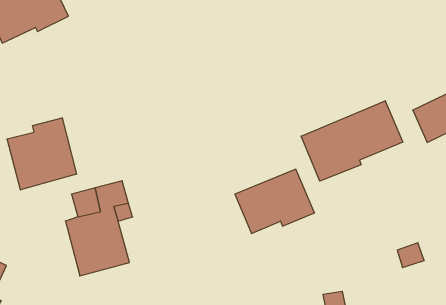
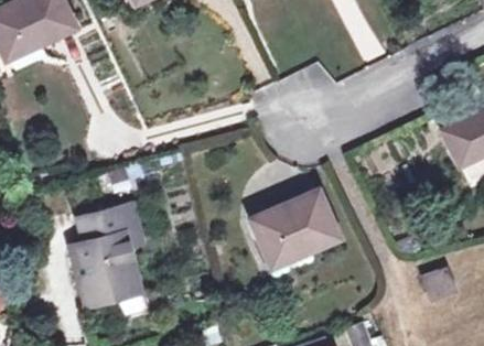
building: [301,101,403,181] -> none
building: [7,118,76,190] -> none

